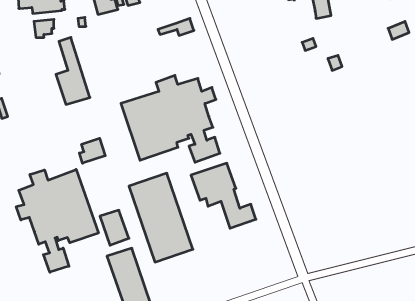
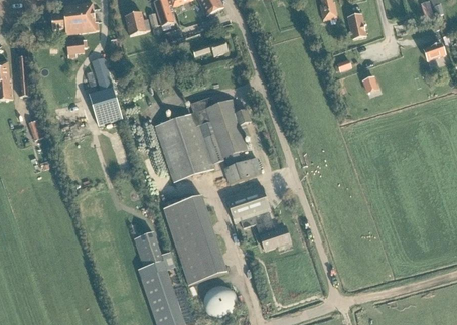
building: [79,138,105,163] -> none
building: [16,169,98,272] -> none
building: none -> [203,288,232,316]

